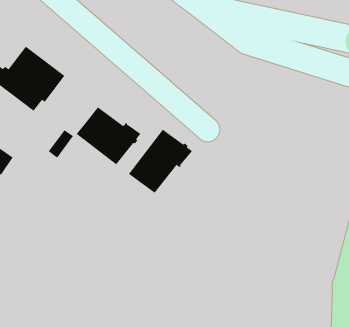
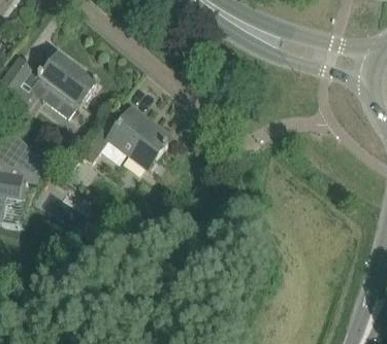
building: [128,129,193,196] -> none

